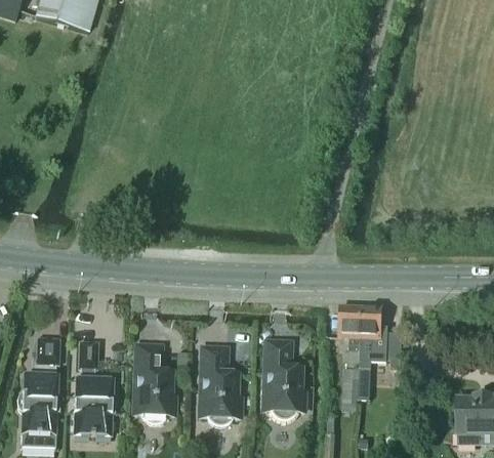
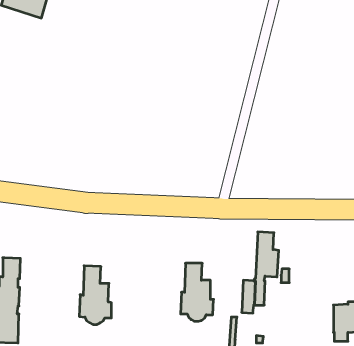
building: [338,302,361,363] -> none
building: [73,339,115,433] -> none
building: [199,349,240,423] -> none

